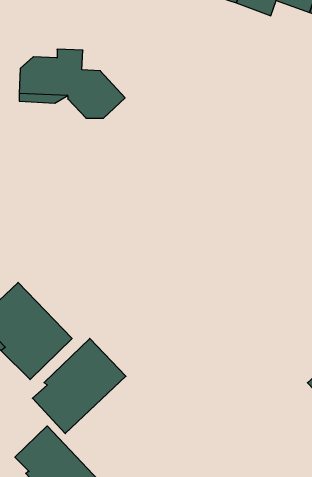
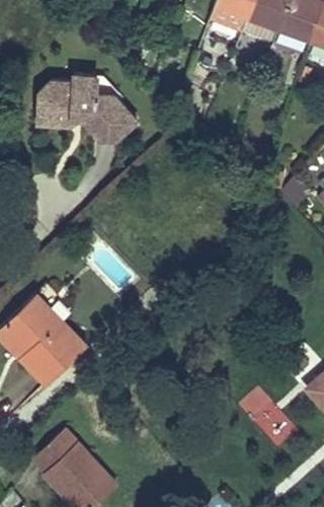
building: [32,338,126,434] -> none
building: none -> [238,388,298,450]

